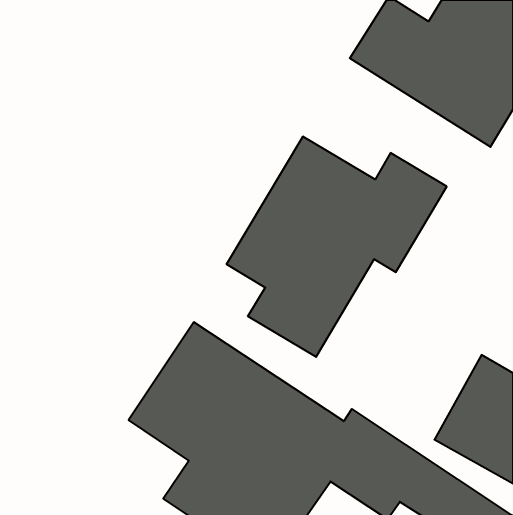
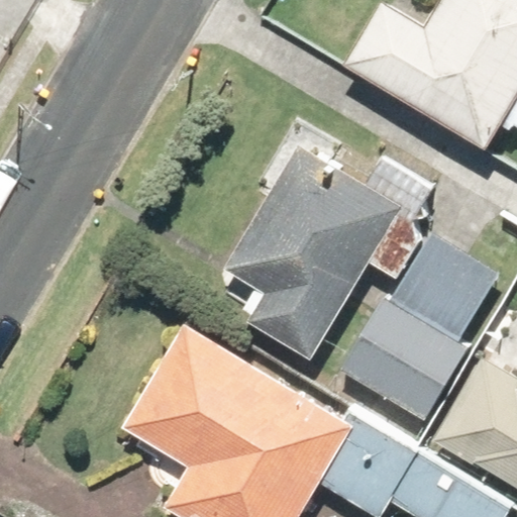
building: none -> [342,236,497,419]

